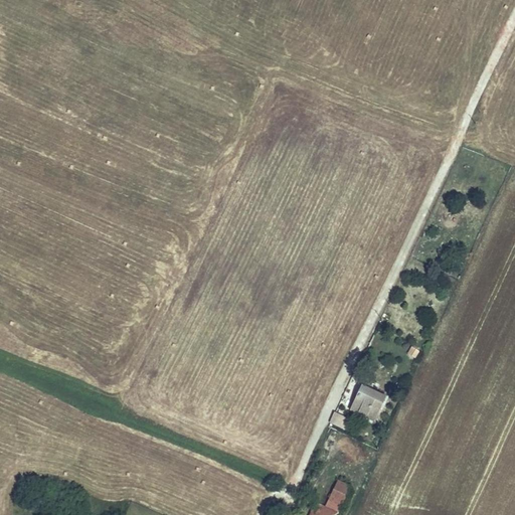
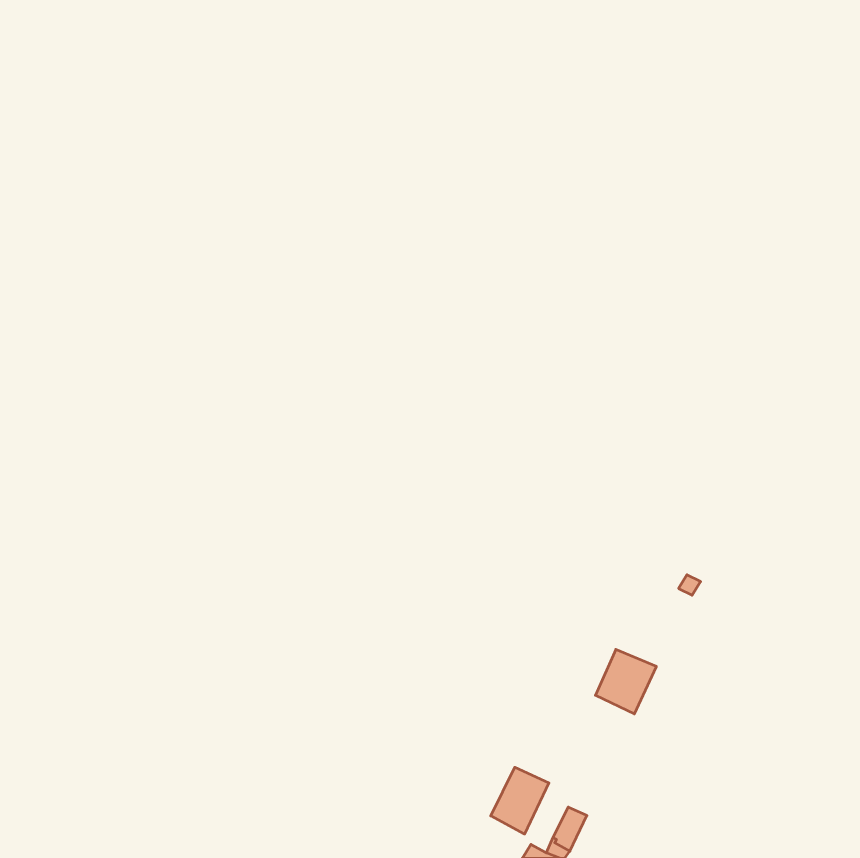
building: none -> [491,767,549,834]

